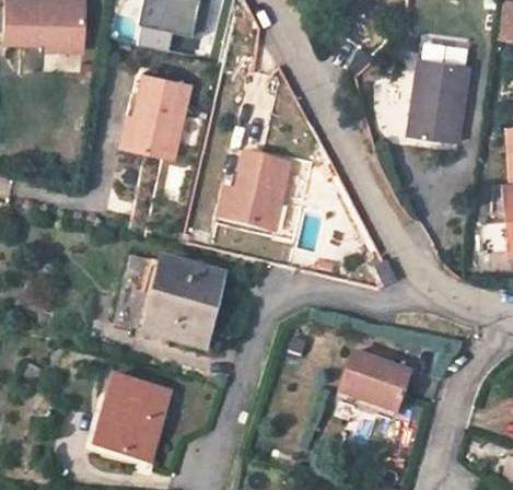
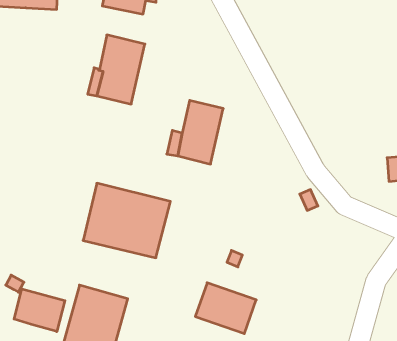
building: [409,58,469,141] -> none
building: [338,351,411,412] -> [195,283,256,334]
building: none -> [14,289,65,332]

